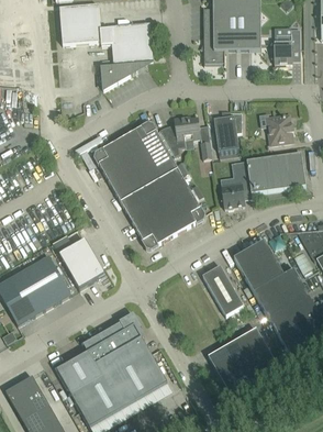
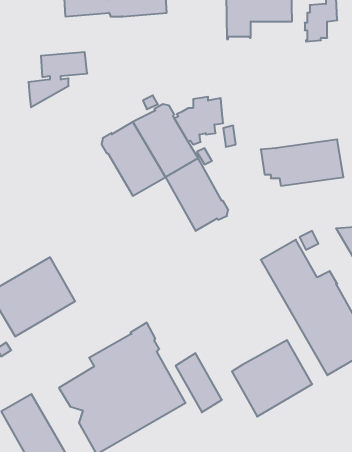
building: [101,41,153,89] -> [28,52,87,107]
building: [213,111,242,157] -> none
building: [267,113,293,143] -> none
building: [221,182,244,208] -> none
building: [121,185,176,248] -> none
building: [58,239,104,288] -> none
building: [202,264,243,315] -> [176,353,222,412]

